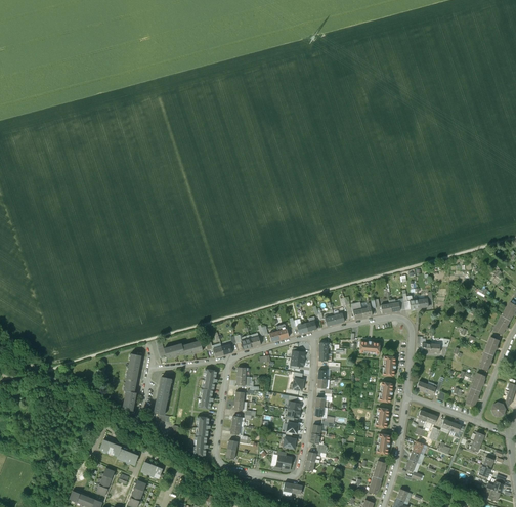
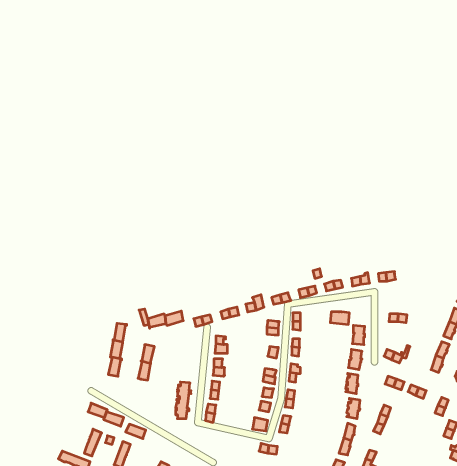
building: [199,369,217,409] -> none

